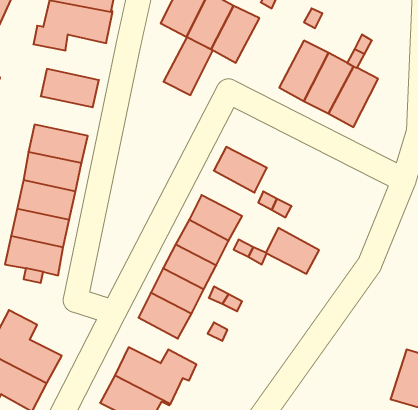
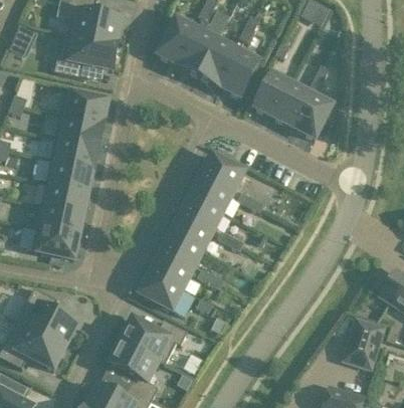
building: [163,37,213,95] -> [219,50,259,97]
building: none -> [55,114,103,146]
building: [266,228,319,274] -> [191,174,234,211]

